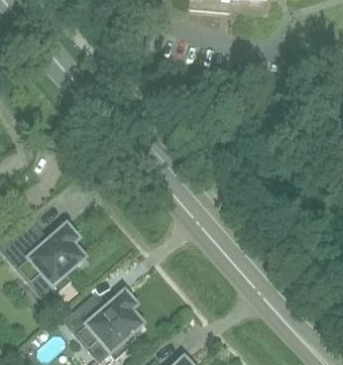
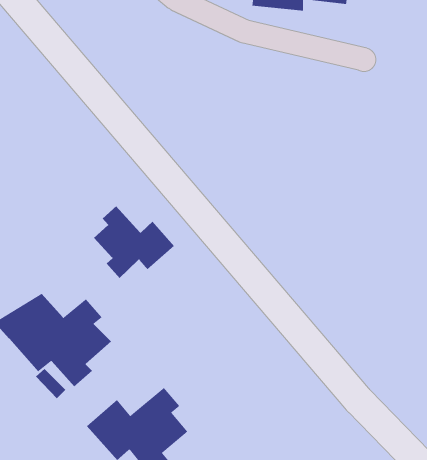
building: none -> [93,206,175,279]

